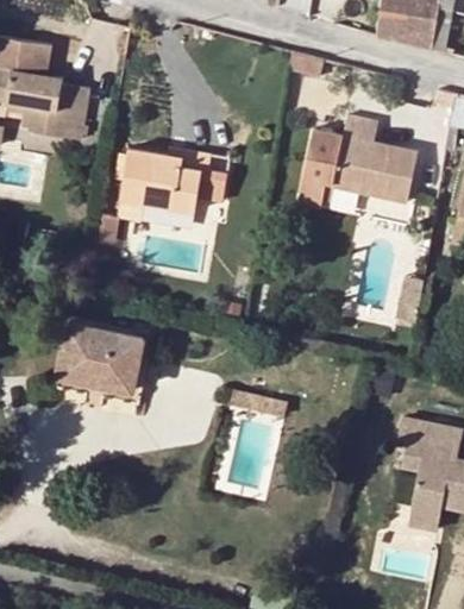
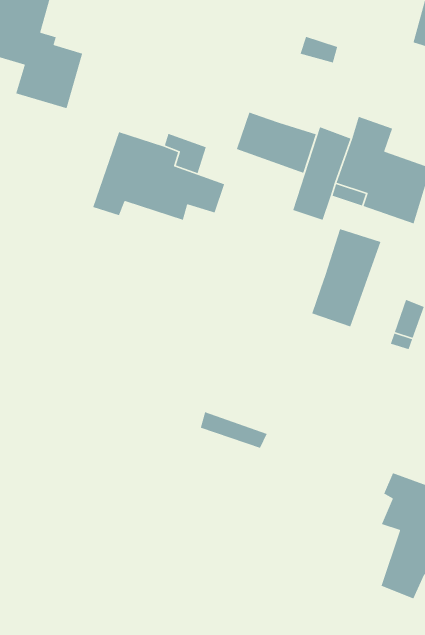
building: none -> [236,112,317,174]
building: none -> [311,228,382,327]
building: [58,322,142,391] -> none

